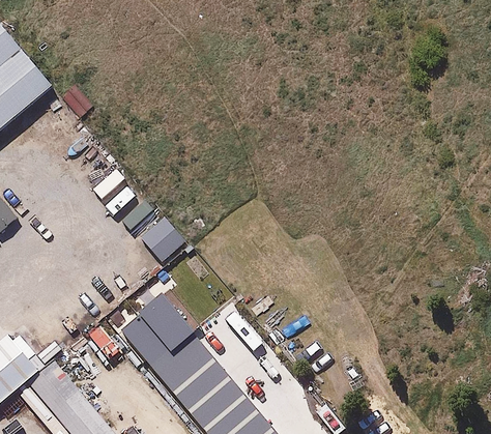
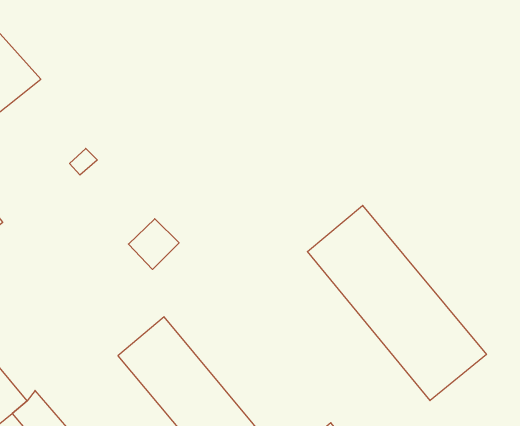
building: none -> [307,205,486,401]

